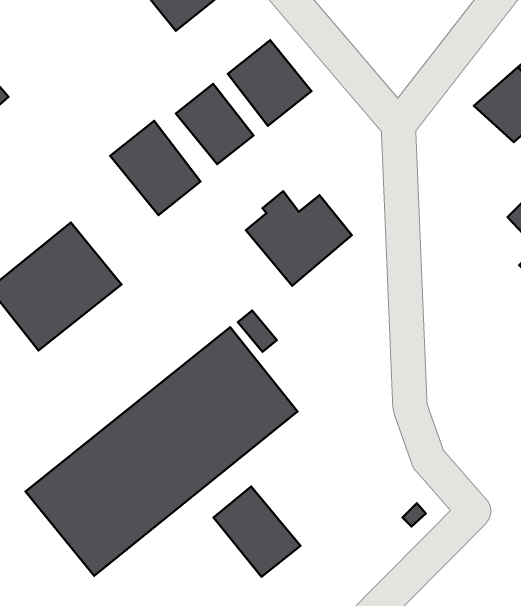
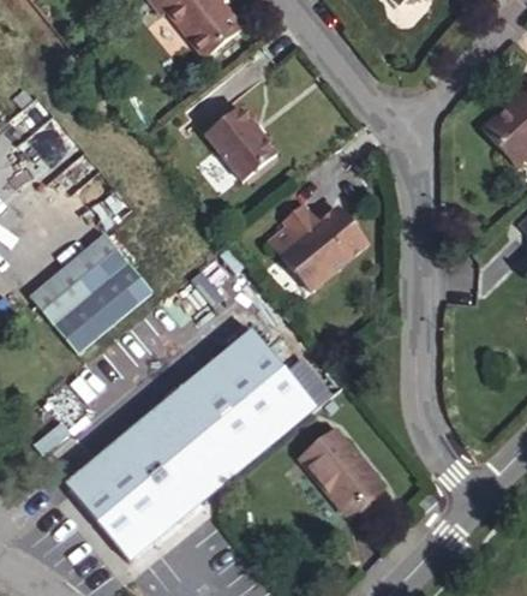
building: [228,40,312,126] -> none
building: [110,121,201,215] -> none
building: [214,486,300,577] -> [303,424,383,508]

